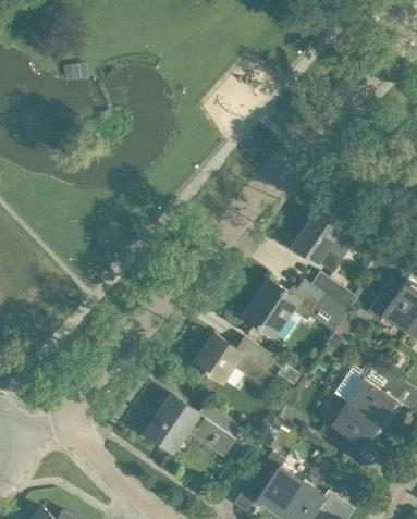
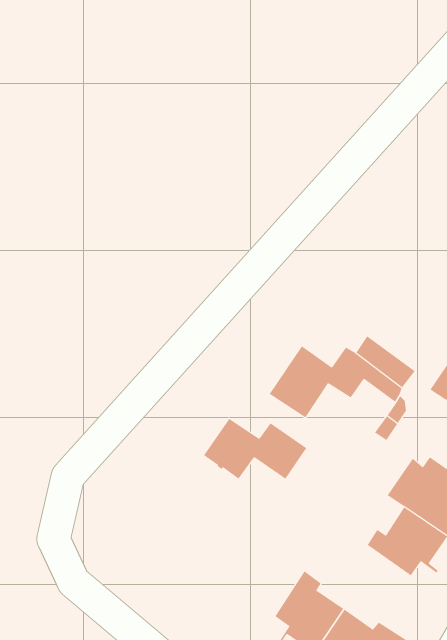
building: [292,213,354,273] -> none
building: [146,395,245,456] -> none

